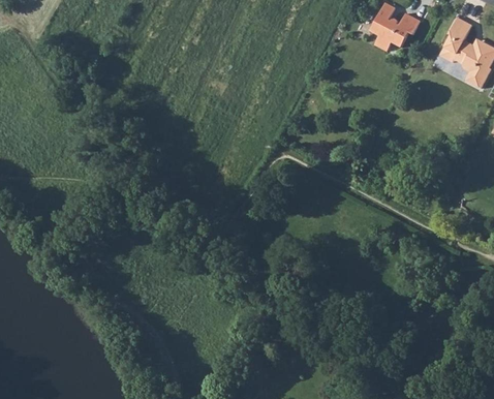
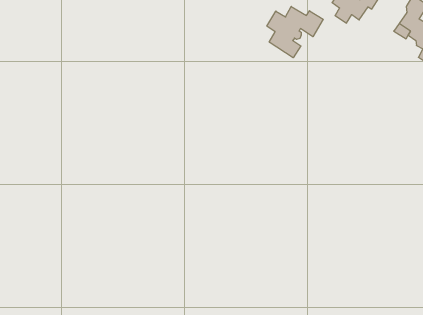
building: none -> [267,6,323,58]

